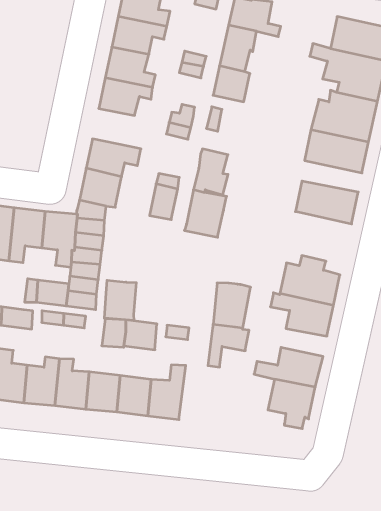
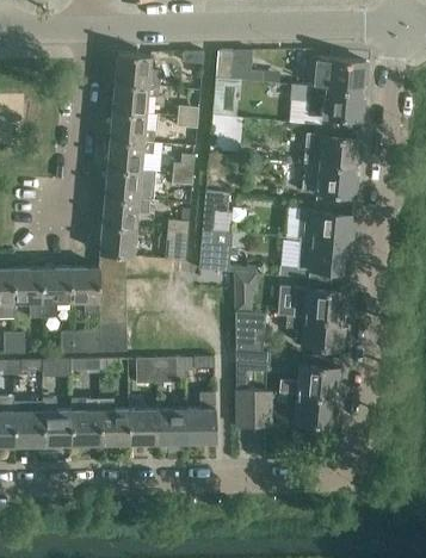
building: none -> [104,168,155,200]
building: none -> [296,240,350,281]
building: none -> [234,273,258,314]
building: [104,280,136,321] -> none
building: none -> [235,390,272,428]

